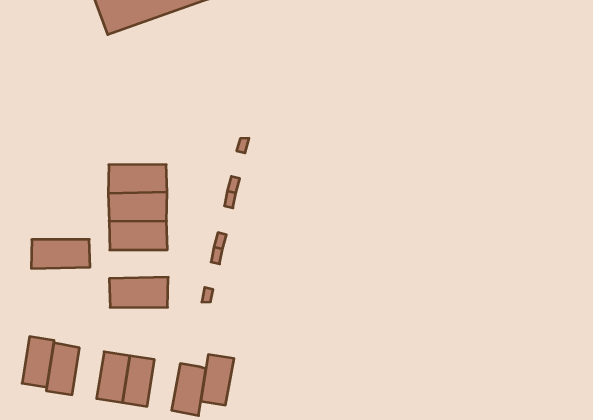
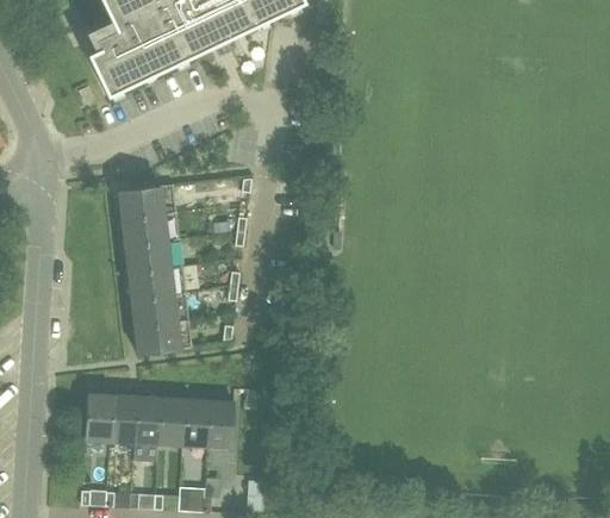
building: none -> [118,185,176,219]
building: [31,239,90,268] -> [131,294,189,327]
building: [22,337,54,387] -> [110,397,136,443]
building: [201,355,234,405] -> [182,400,210,447]

